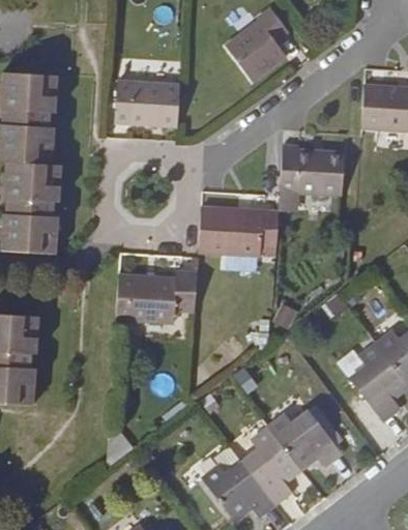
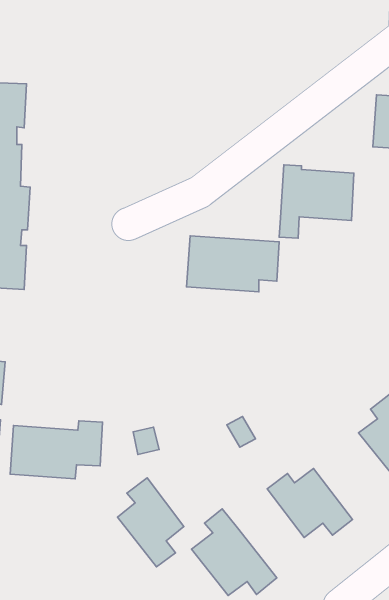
building: [226,6,288,81] -> none
building: [115,80,180,125] -> none
building: [116,270,197,321] -> [10,421,103,479]
building: [242,426,300,504] -> [117,478,184,567]

